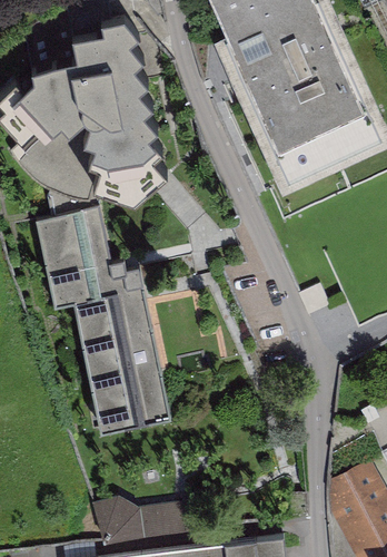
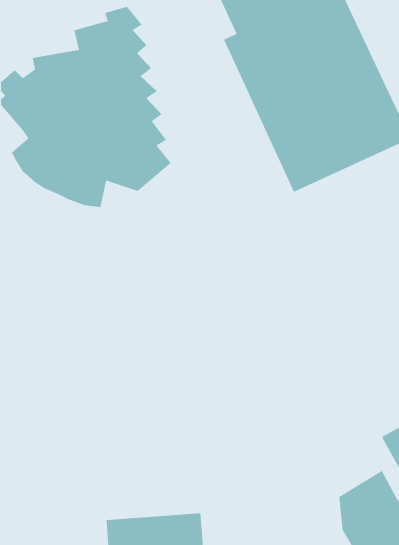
building: [36,207,169,428] -> none

